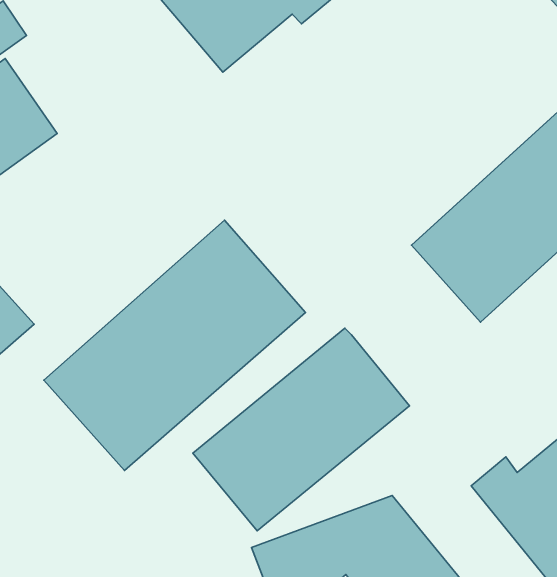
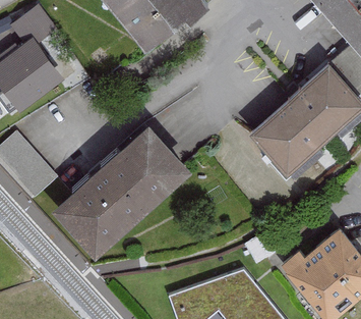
building: [193,328,409,531] -> none

